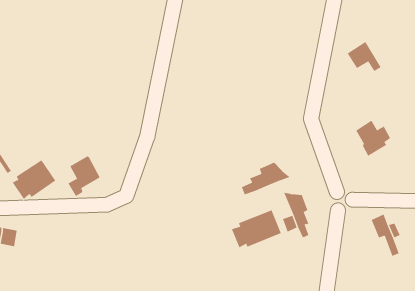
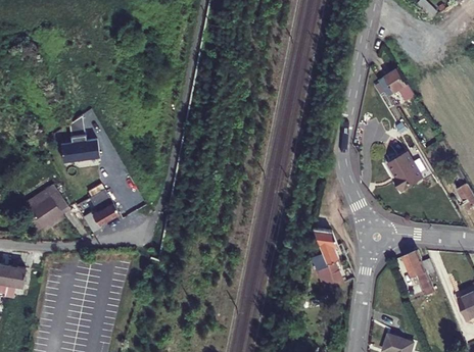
building: none -> [57,113,98,168]
building: [241,162,291,195] -> none
building: [231,209,282,248] -> none

